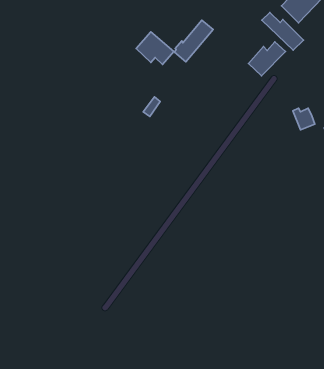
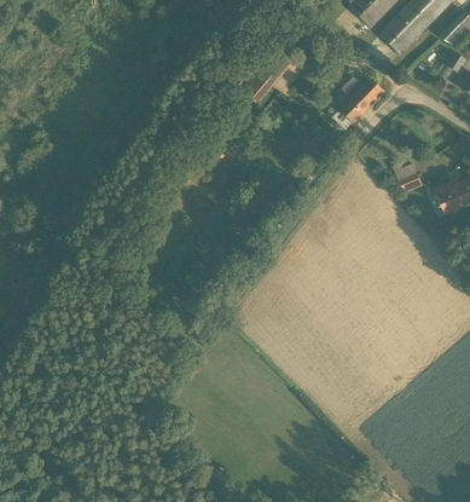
building: [262,12,303,50] -> none
building: [136,32,174,64] -> none

